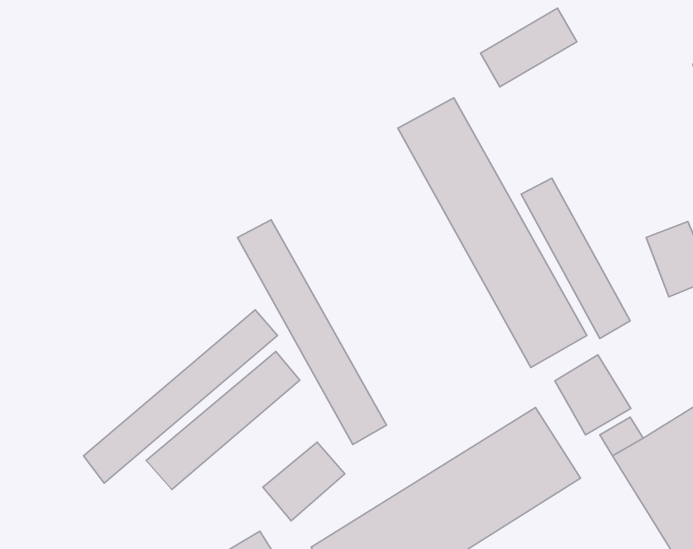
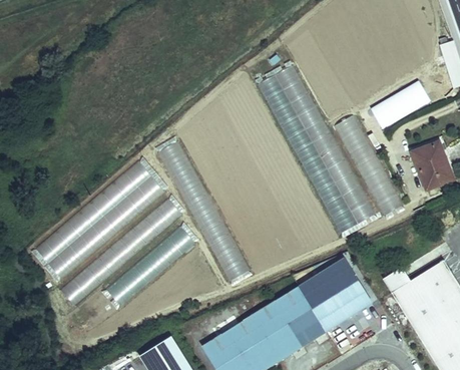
building: [481,8,577,87] -> [370,80,430,129]
building: none -> [34,160,164,279]
building: [555,355,631,435] -> none
building: [263,442,345,521] -> none

